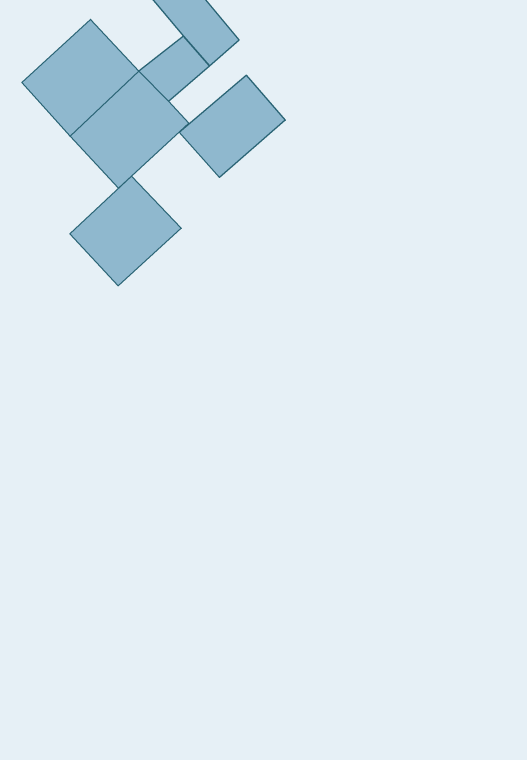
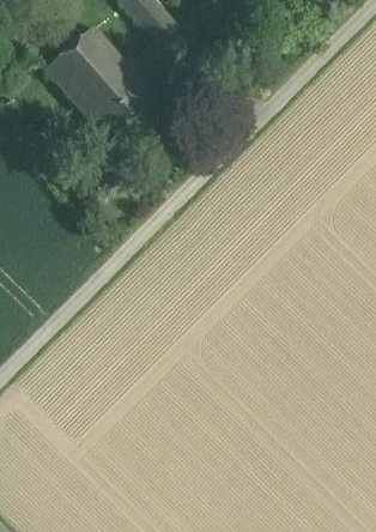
building: [179,75,285,177] -> none
building: [70,176,181,286] -> none

